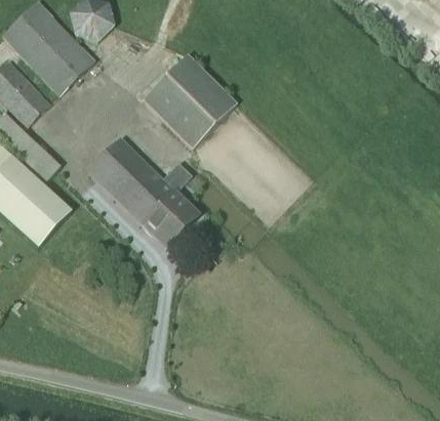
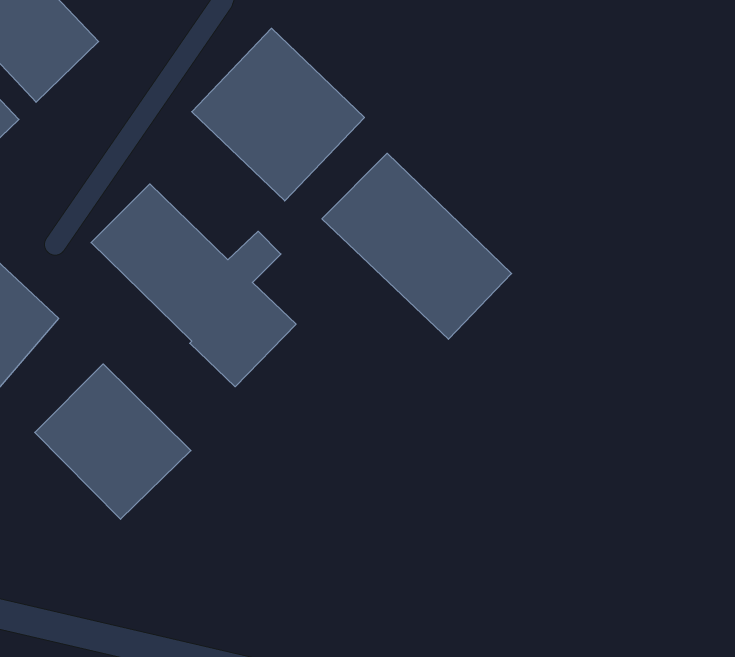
building: none -> [322,153,512,339]
building: none -> [35,364,191,519]

